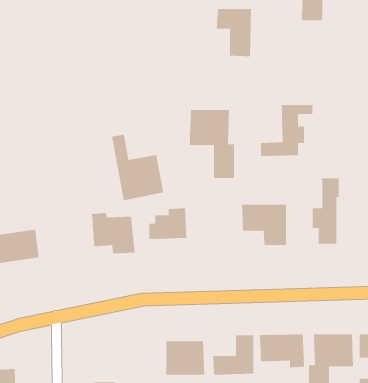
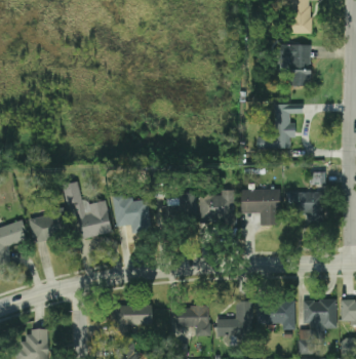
building: [216,8,252,57] -> [279,45,310,87]
building: [189,109,235,179] -> none
building: [111,134,164,201] -> [66,183,111,240]
building: none -> [199,190,234,220]
building: none -> [113,305,152,325]

